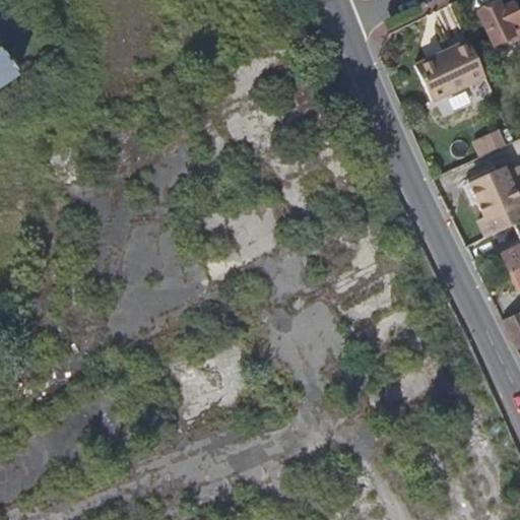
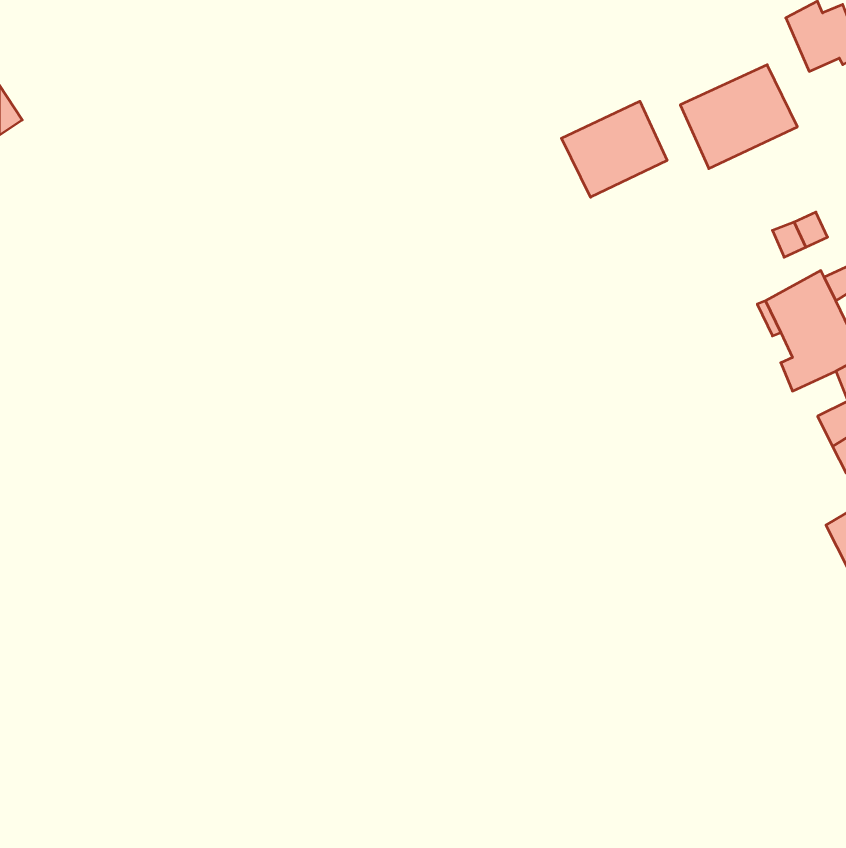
building: none -> [561,101,667,197]

